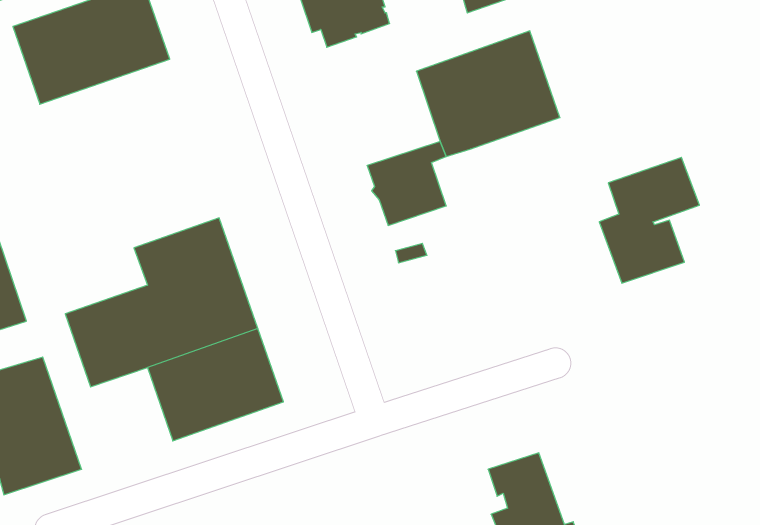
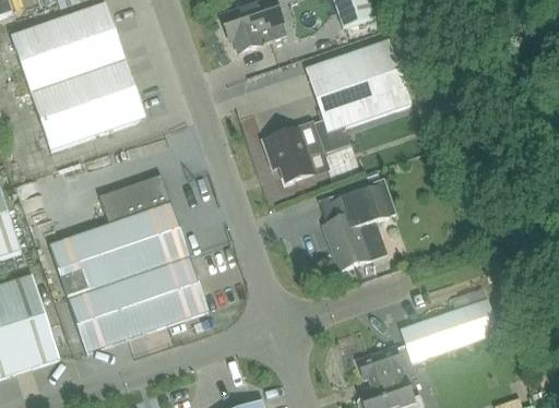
building: none -> [29,60,141,151]
building: [599,157,699,283] -> [323,178,396,269]
building: none -> [67,285,127,352]
building: none -> [400,298,498,361]

